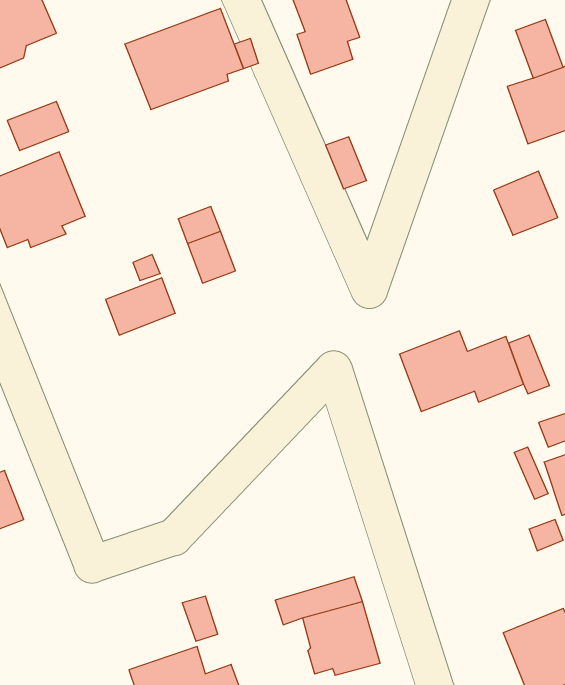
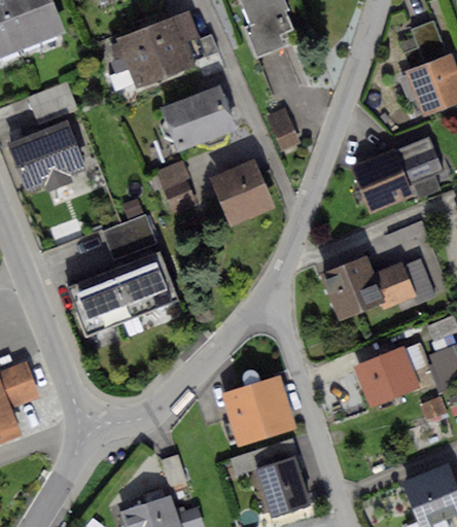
building: none -> [162,85,236,151]
building: none -> [351,149,413,211]
building: none -> [210,160,274,226]
building: none -> [67,253,179,337]
building: none -> [352,349,416,407]
building: none -> [222,381,291,447]

